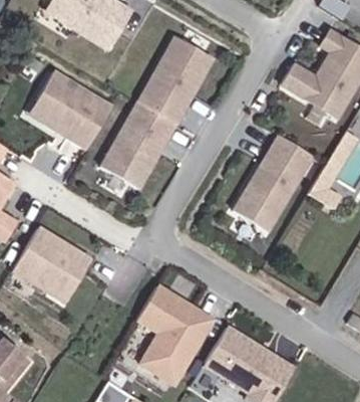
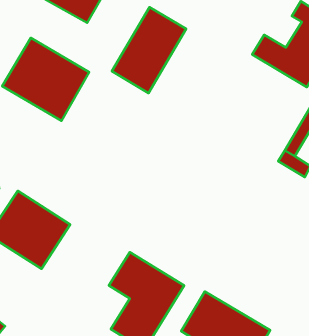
building: [100,102,175,189] -> none
building: [232,135,312,231] -> none

